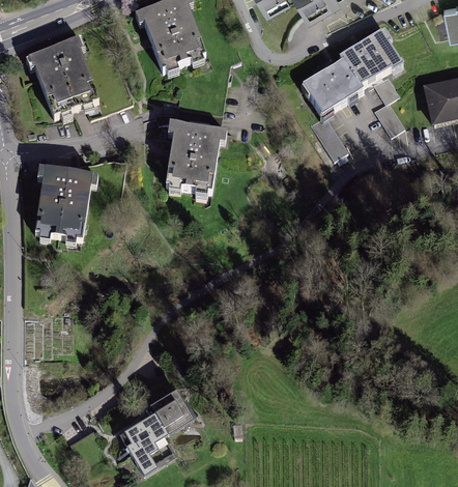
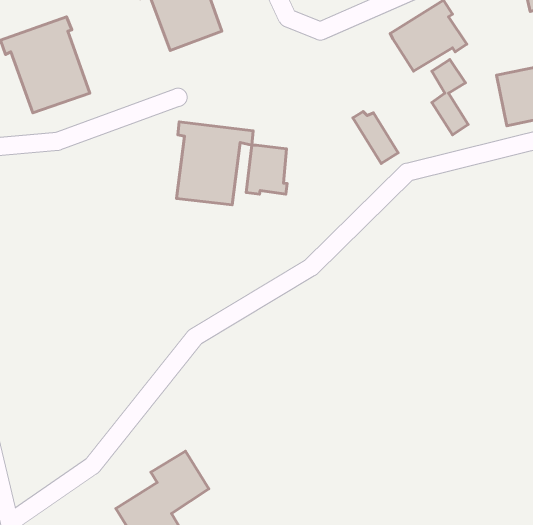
building: [298,56,361,112] -> none
building: none -> [246,145,287,194]
building: [34,165,98,236] -> none

